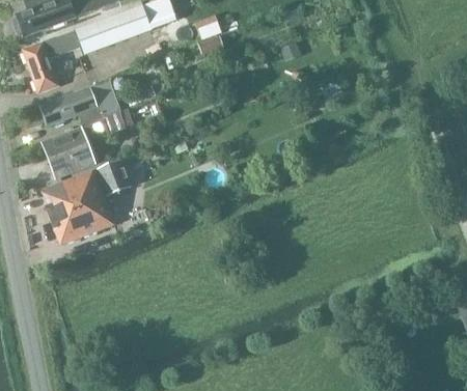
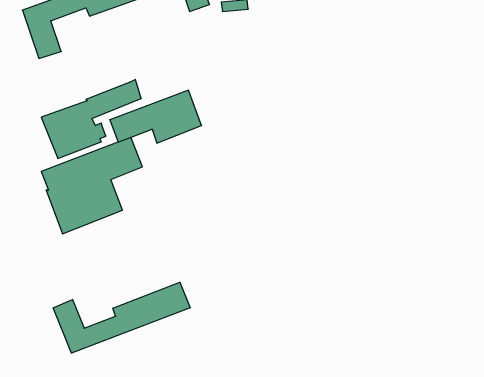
building: [39,79,120,125] -> [110,90,202,143]
building: none -> [53,282,190,353]

